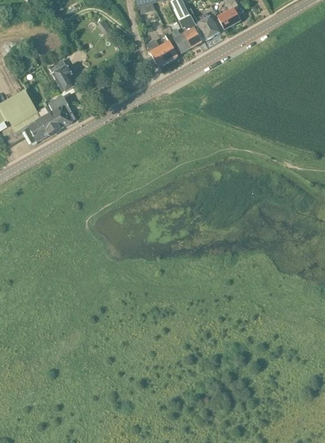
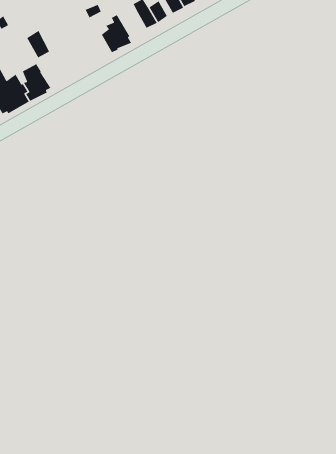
building: none -> [101,14,132,53]

